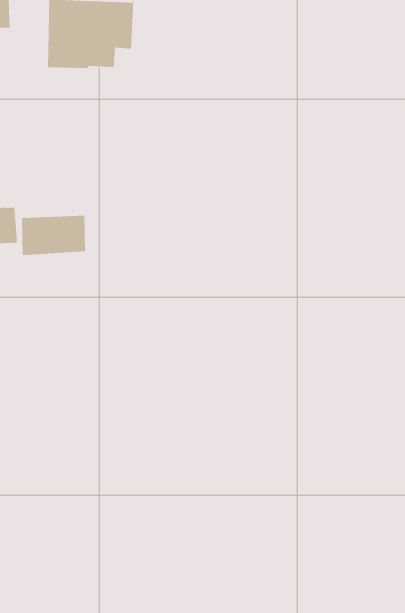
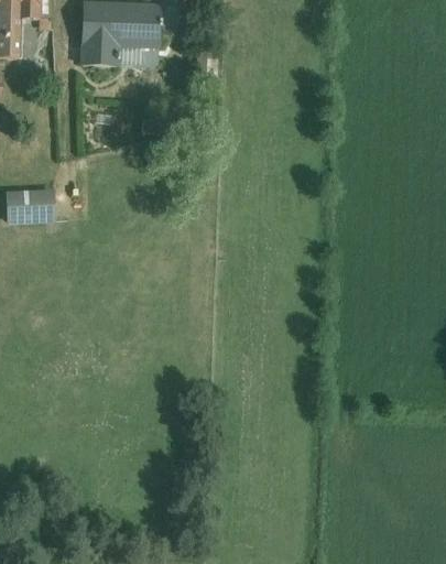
building: [22,215,86,256] -> none

